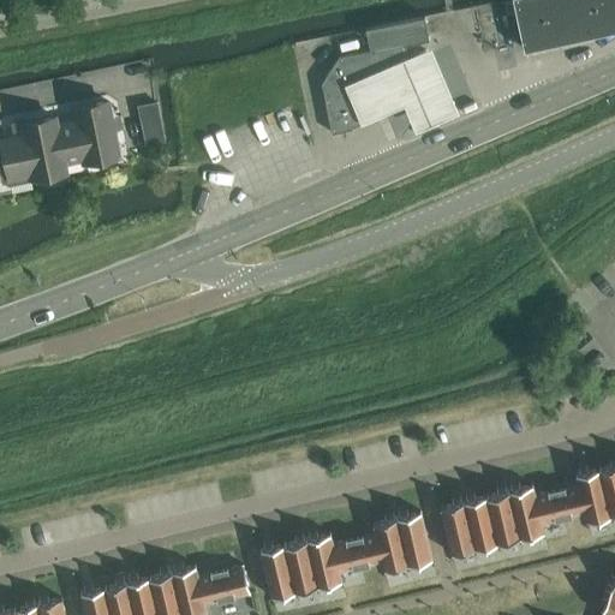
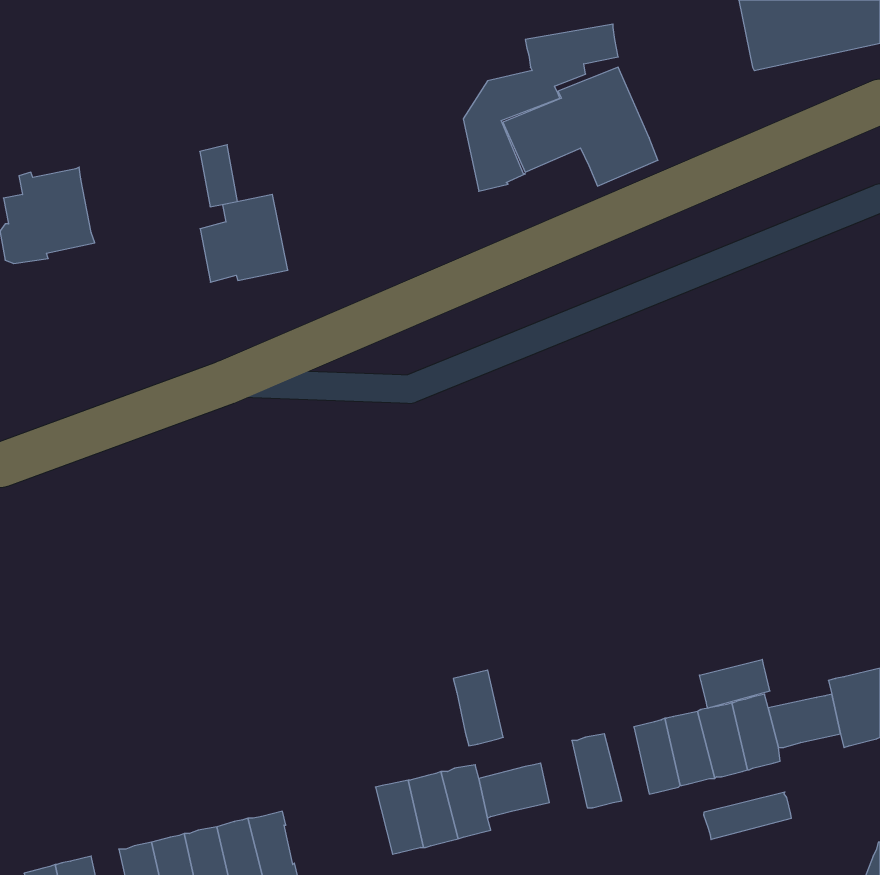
building: [56,105,118,166] -> [200,194,288,282]
building: none -> [699,659,770,708]
building: [375,520,410,573] -> [453,670,503,746]
building: none -> [704,792,791,840]
building: [198,568,251,607] -> none

